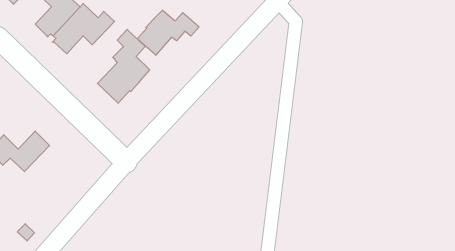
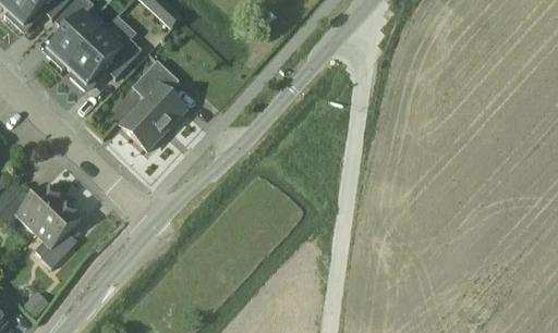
building: [137,10,199,55] -> none
building: none -> [33,198,81,266]

